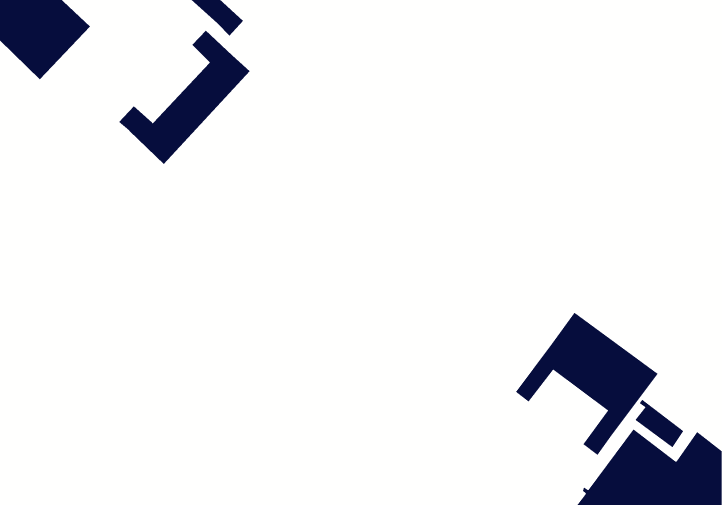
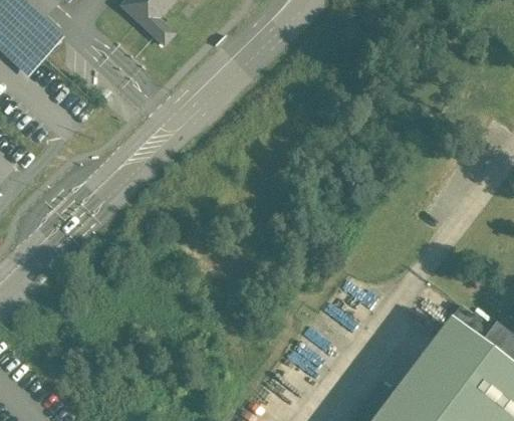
building: [118,30,251,165] -> none
building: [515,312,659,456] -> none

